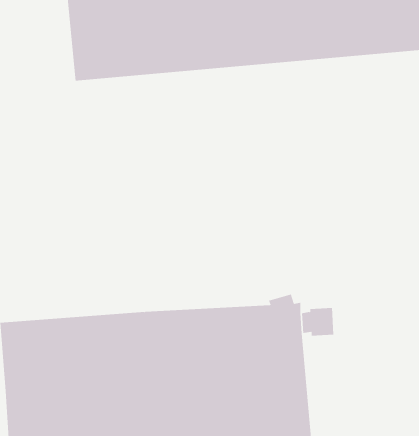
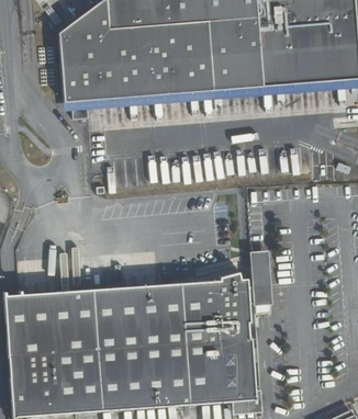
building: none -> [250,252,271,284]

